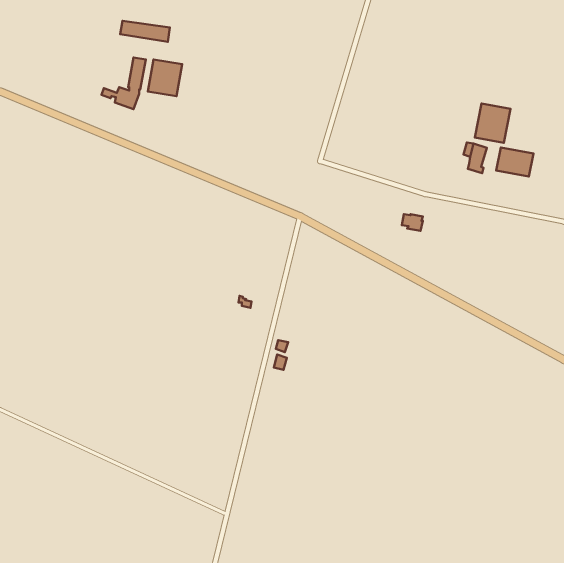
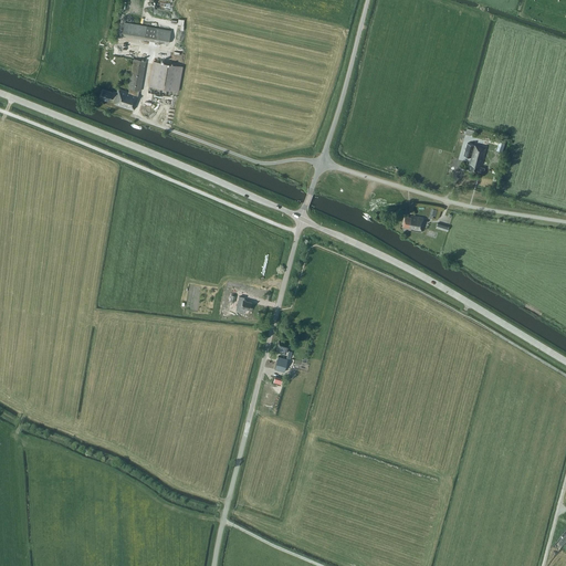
building: [475,104,511,143] -> none
building: [496,148,534,177] -> none

